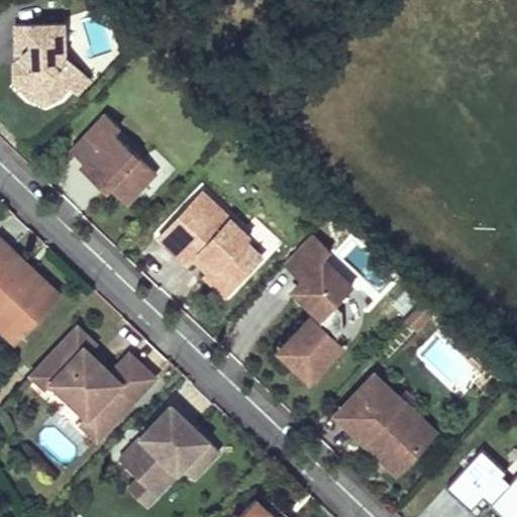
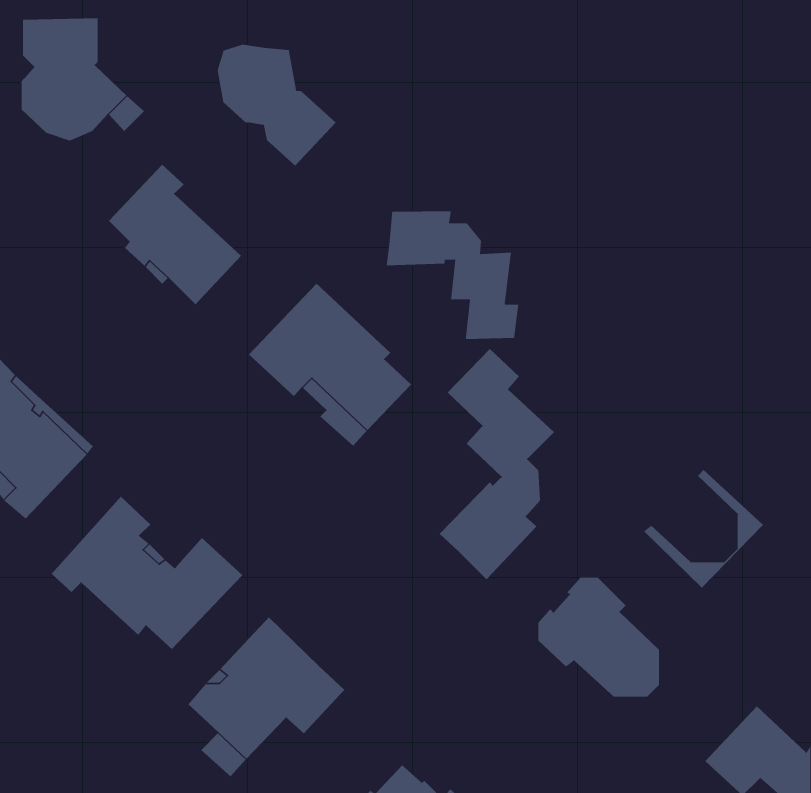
building: none -> [217,44,336,167]
building: none -> [386,210,519,340]
building: [359,397,436,473] -> [643,469,764,589]

